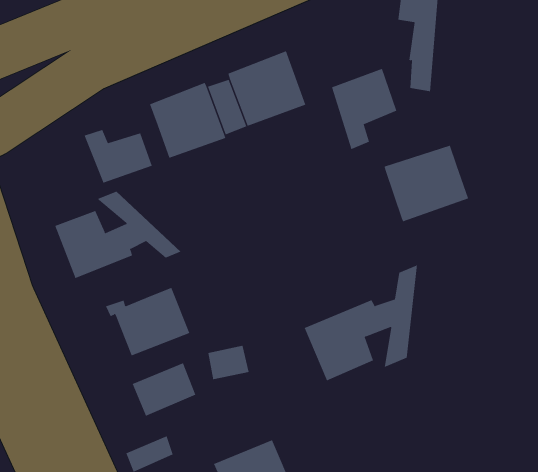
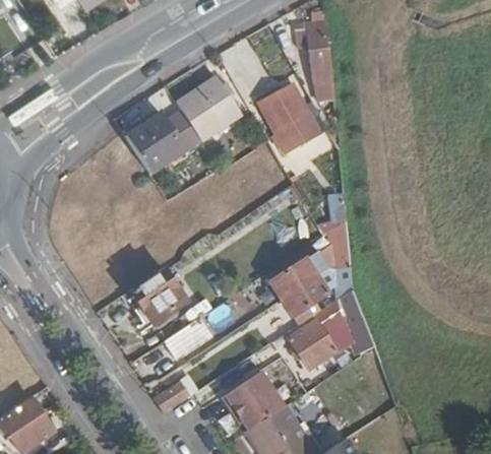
building: [84,129,153,183] -> none
building: [384,145,469,222] -> none
building: [55,191,182,279] -> none
building: none -> [289,291,372,369]

